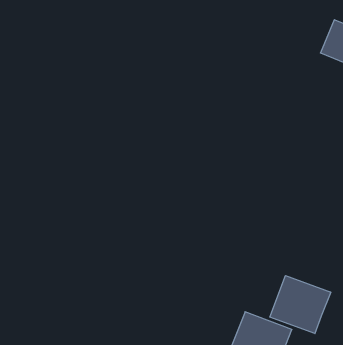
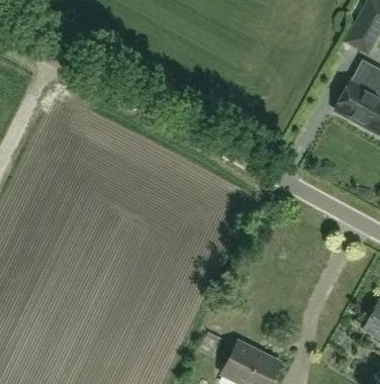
building: [270,276,331,334] -> none

